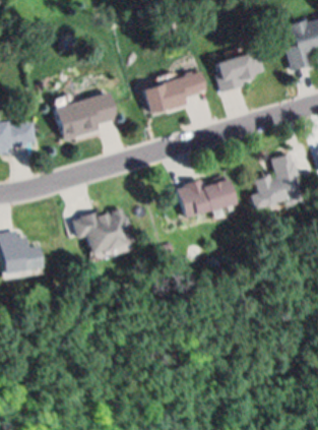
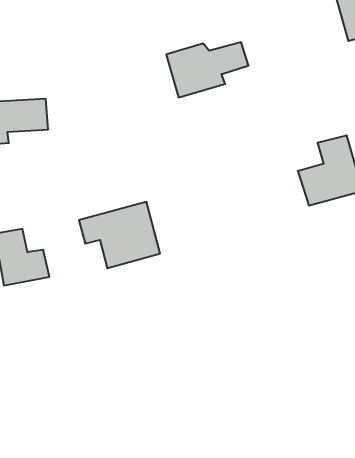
building: [212,48,269,90] -> none
building: [55,86,123,141] -> none
building: [173,176,236,222] -> none

